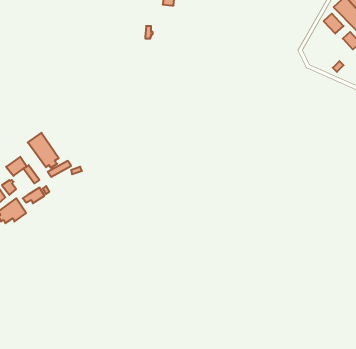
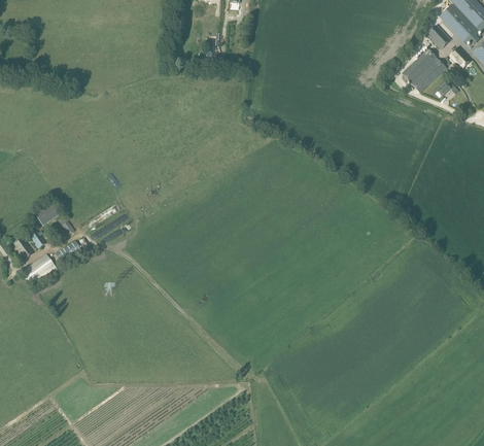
building: none -> [402,47,447,93]
building: [28,133,59,168] -> none

